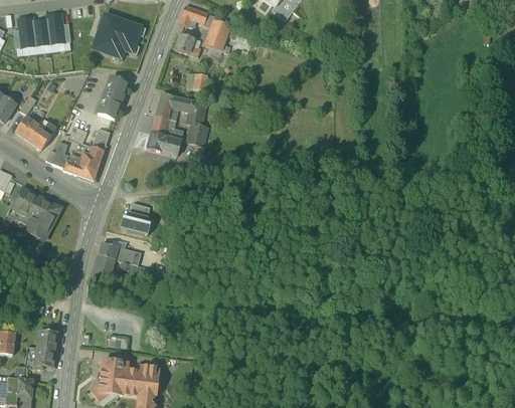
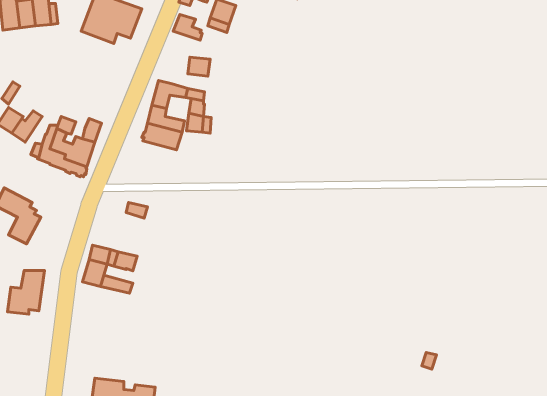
building: [98,75,128,118] -> none
building: [121,210,151,233] -> none
building: [24,330,57,369] -> [7,270,44,314]

